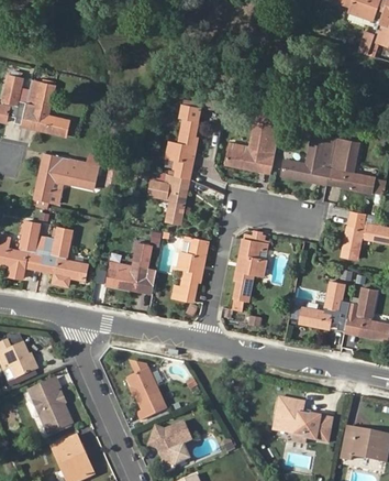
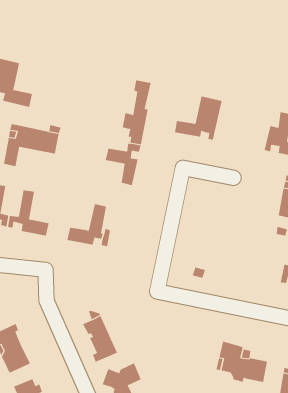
building: [282,135,330,184] -> none
building: [235,234,270,300] -> none
building: [177,238,208,291] -> none
building: [299,282,348,331] -> none

